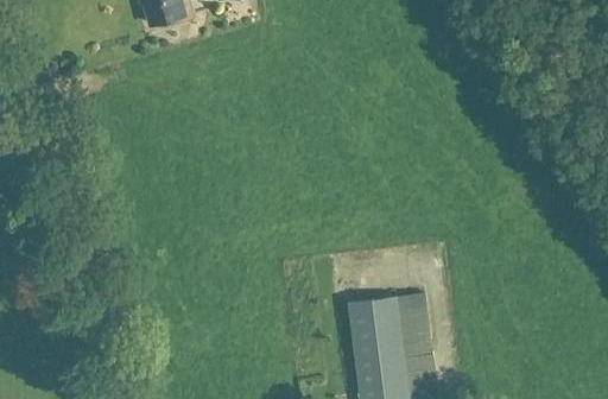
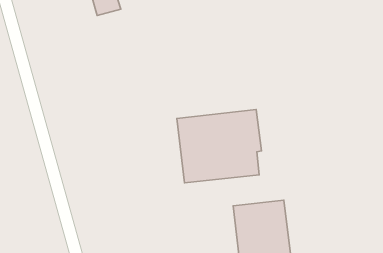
building: none -> [177,109,262,183]

